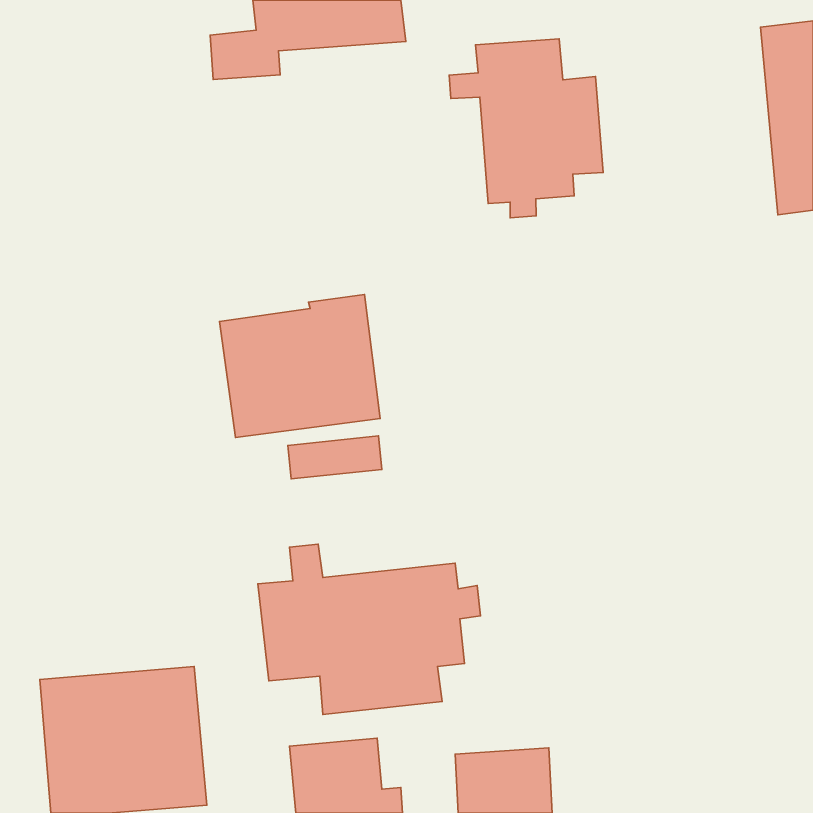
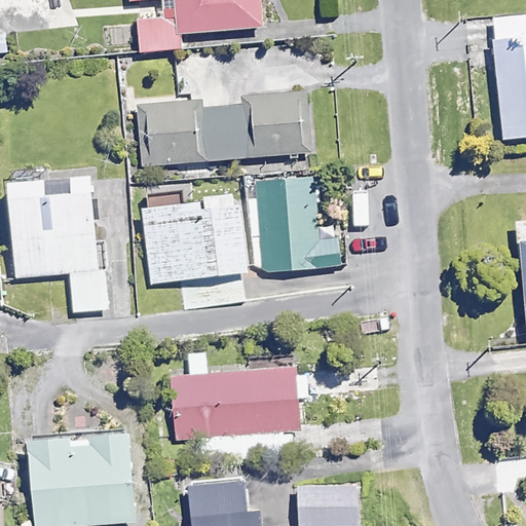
building: [449,39,603,218] -> none
building: none -> [140,90,310,166]
building: none -> [4,173,109,312]
building: none -> [257,175,339,272]

